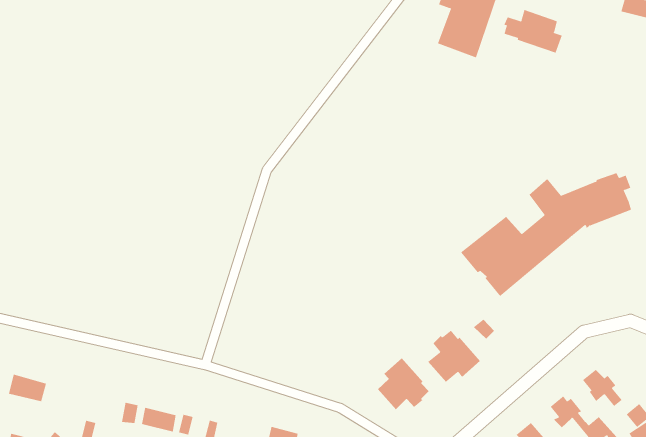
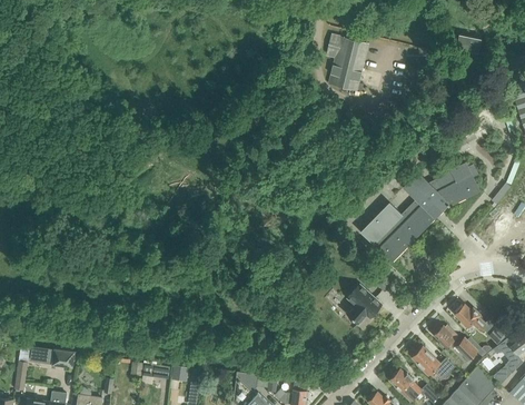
building: [504,9,562,54] -> none
building: [377,358,430,410] -> none

